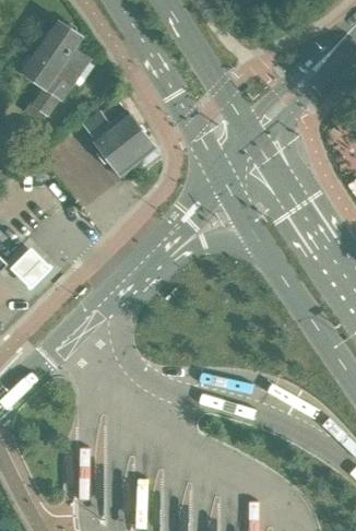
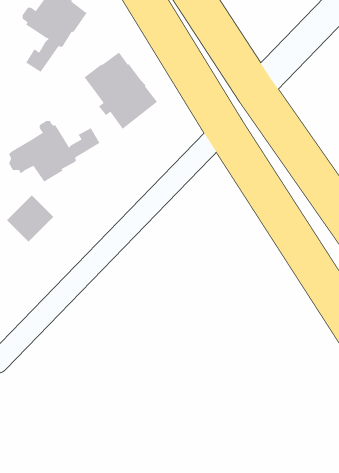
building: none -> [8,120,101,183]

